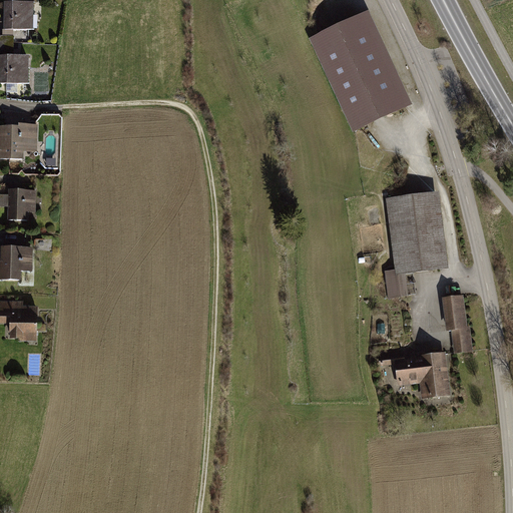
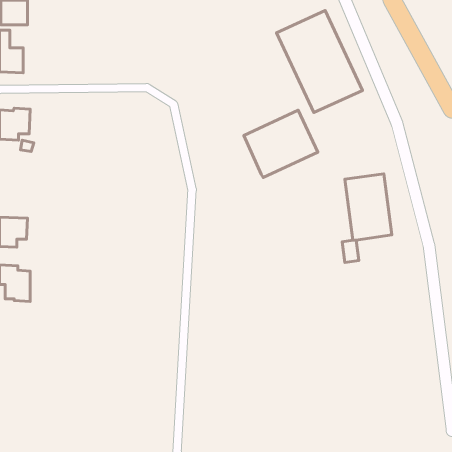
building: none -> [244,110,318,178]
building: [5,188,33,219] -> none
building: [443,296,471,352] -> none
building: [380,350,448,398] -> none

